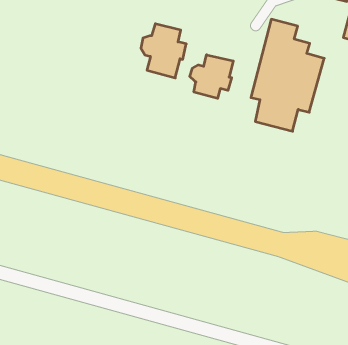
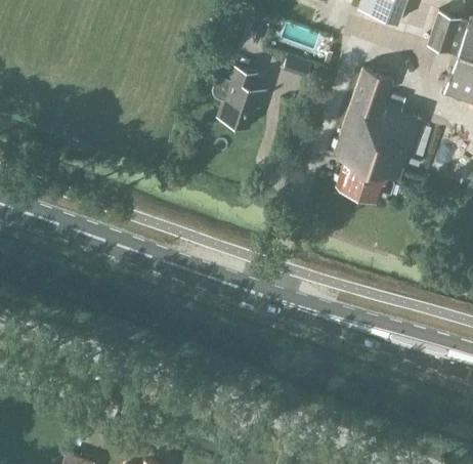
building: [190,55,233,98] -> none

